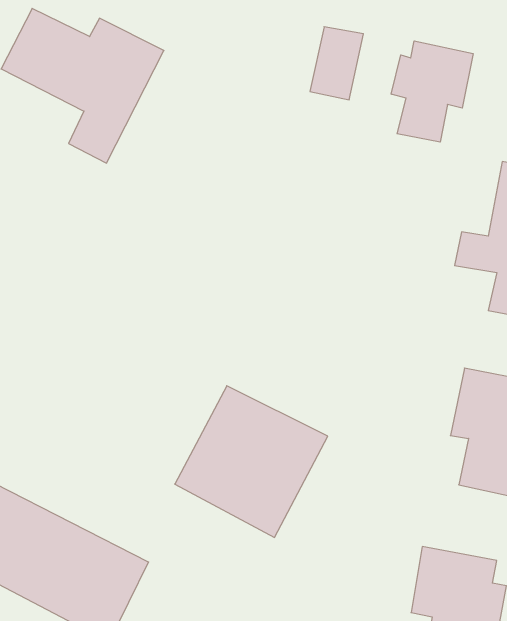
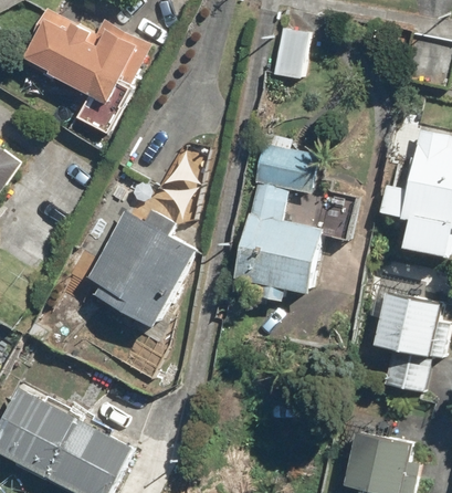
building: [391,41,473,142] -> none
building: none -> [233,144,324,302]
building: [175,386,328,537] -> [80,208,200,327]

